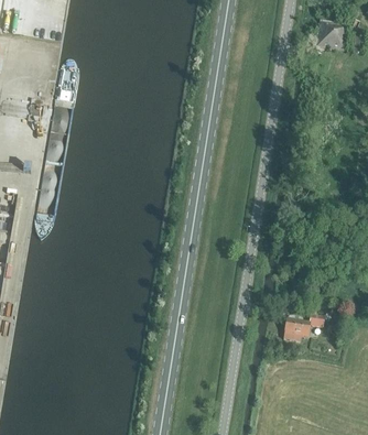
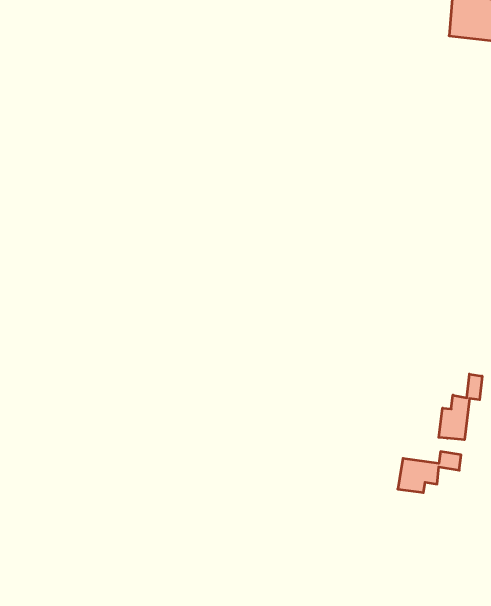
building: none -> [439,374,482,440]

